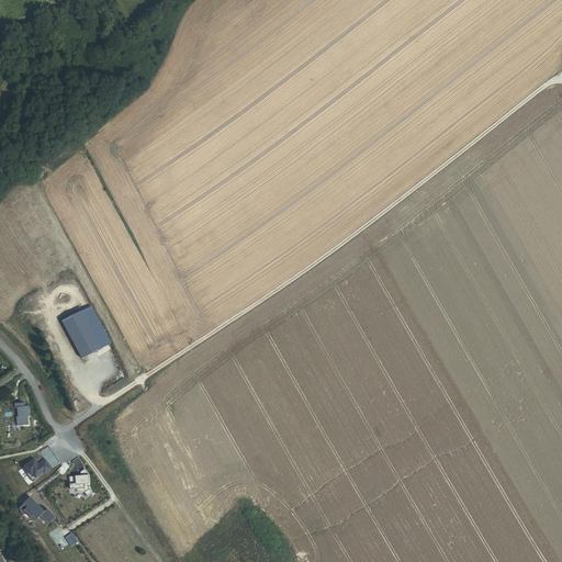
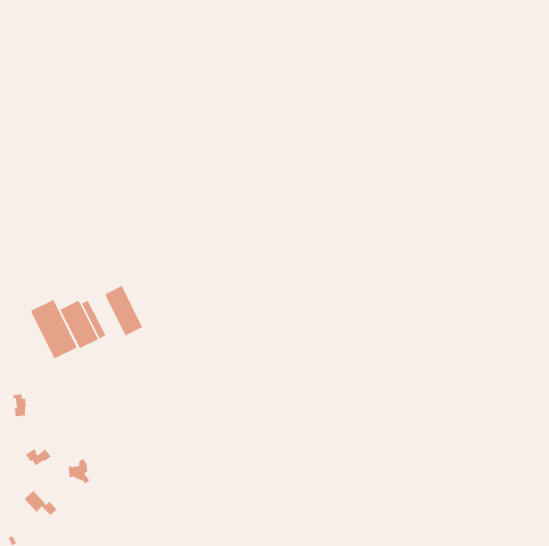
building: none -> [104,285,143,337]
building: none -> [30,299,78,360]

